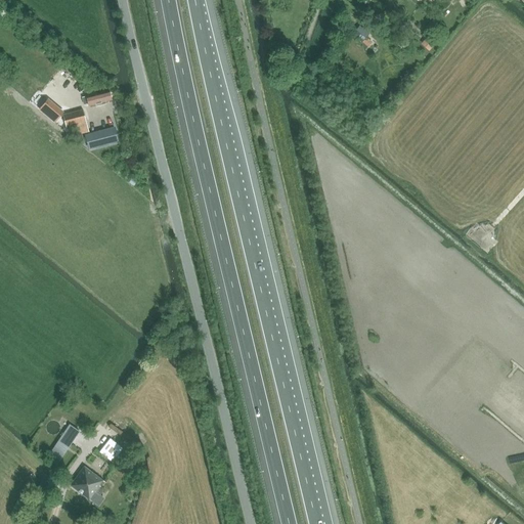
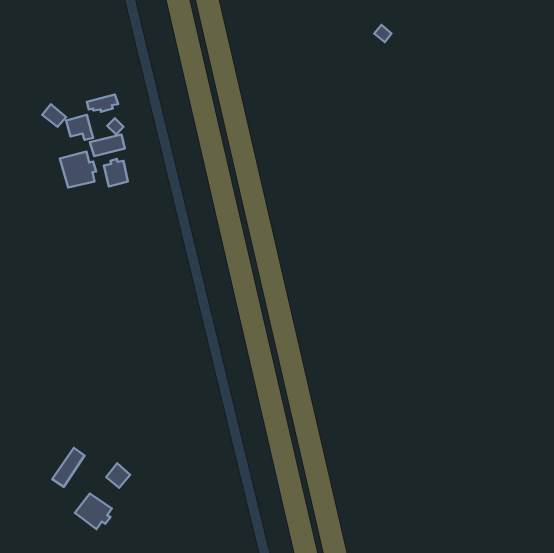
building: none -> [60,151,96,187]
building: none -> [104,159,128,186]

